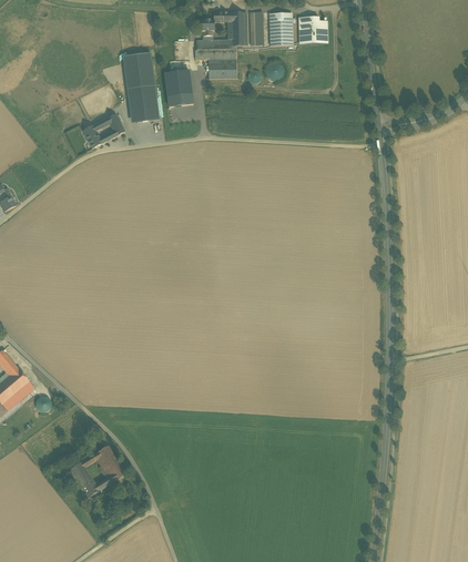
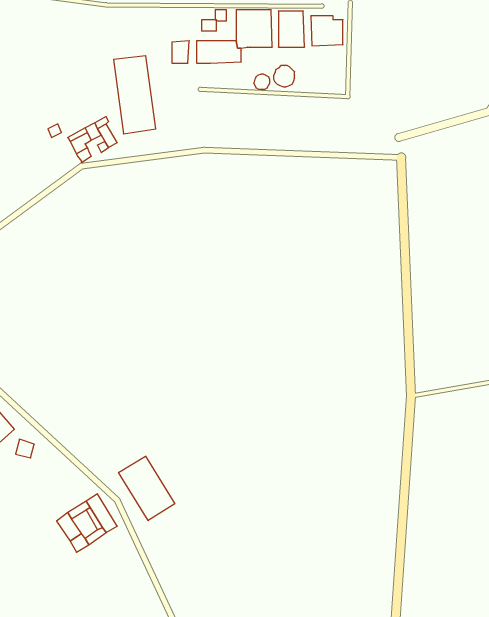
building: [208,59,236,79] -> none
building: [164,70,193,106] -> none
building: none -> [119,456,175,521]

